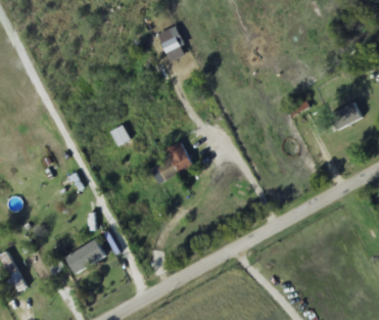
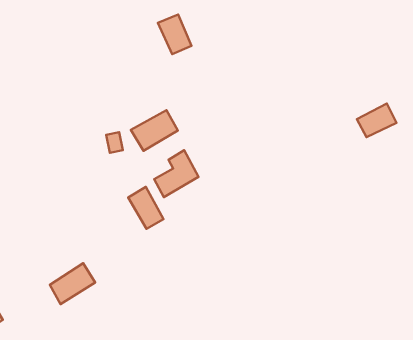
building: none -> [131,110,178,151]
building: none -> [128,187,164,229]

